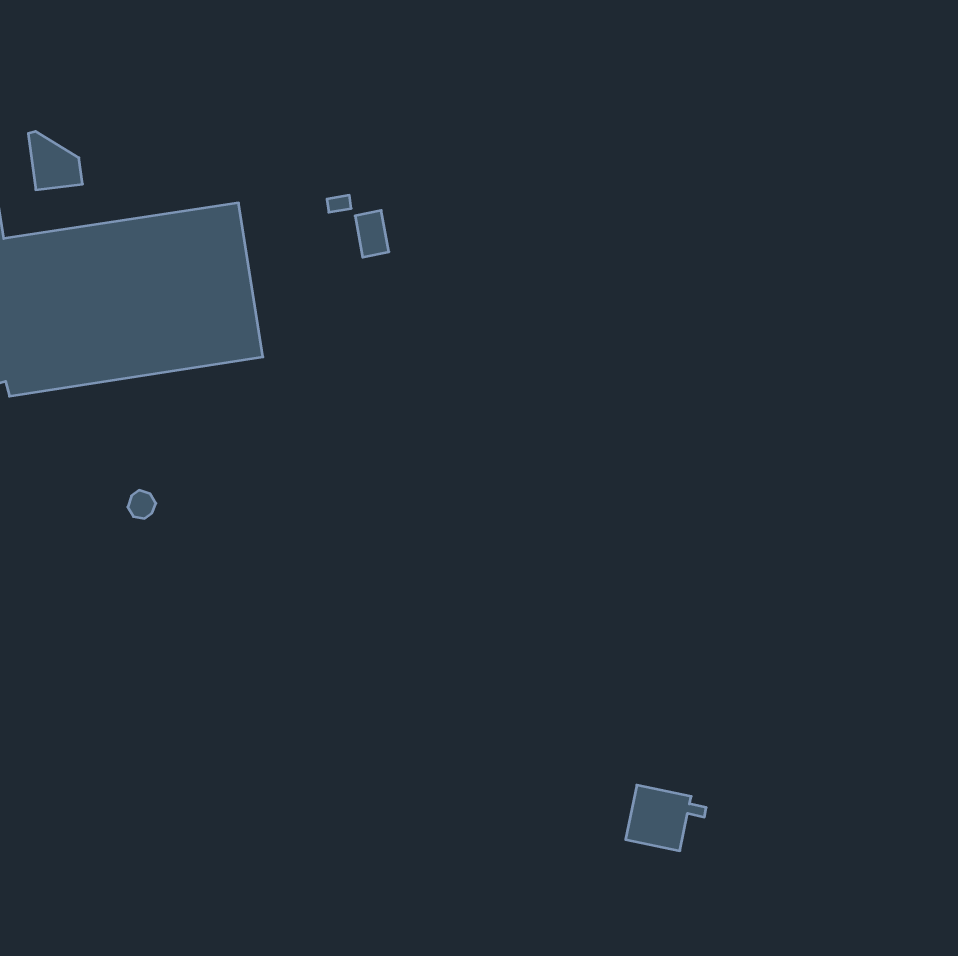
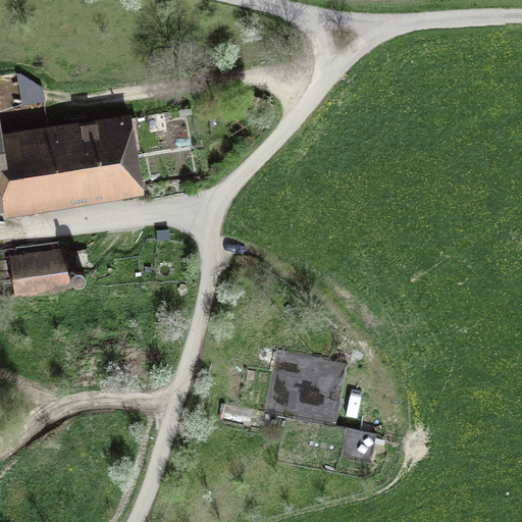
building: none -> [9,250,69,298]
building: none -> [268,350,347,426]

